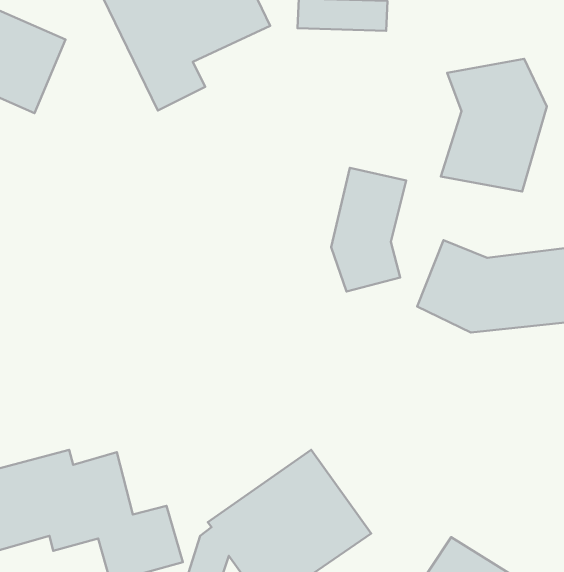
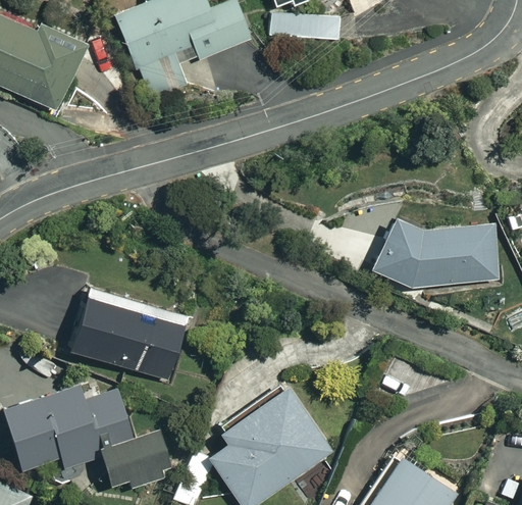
building: [441,59,547,191] -> none
building: [331,168,406,292] -> none
building: none -> [65,284,191,382]

